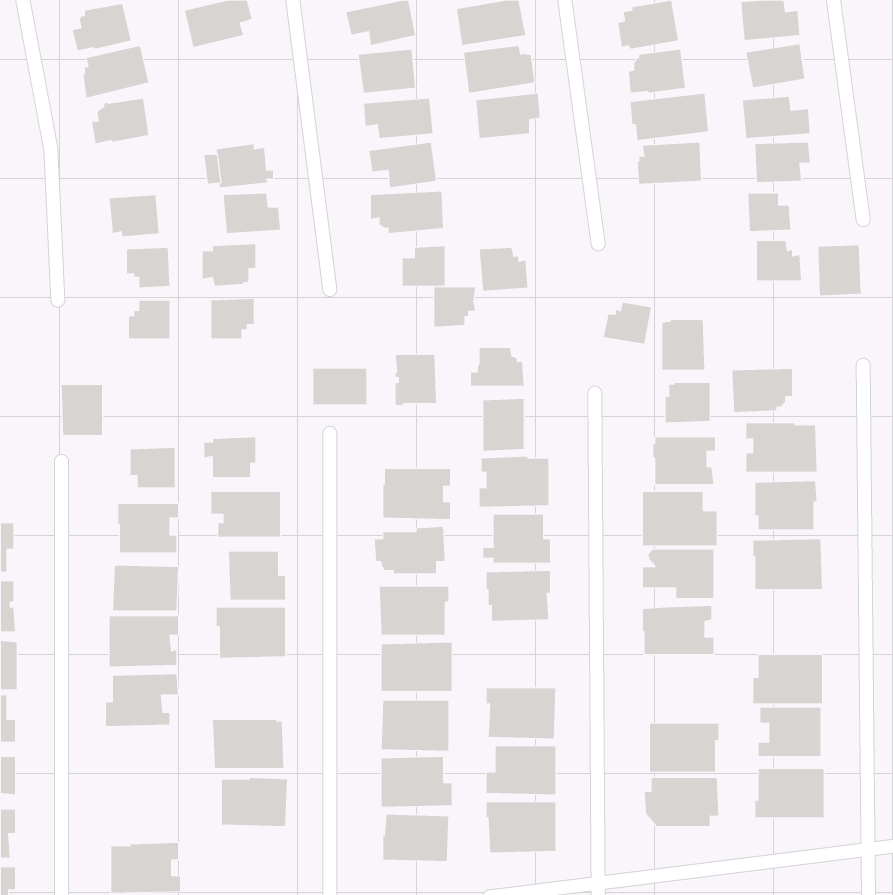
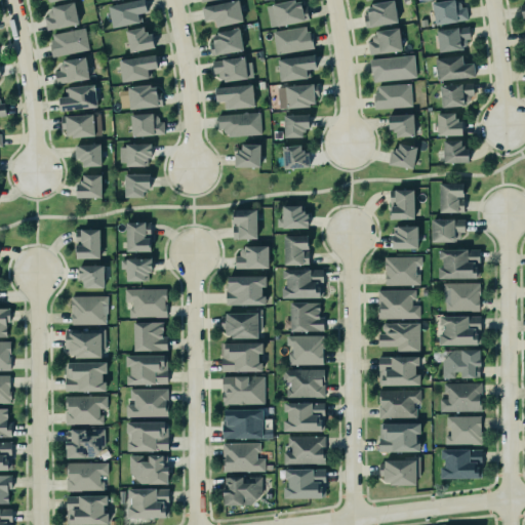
building: none -> [128,28,157,53]
building: none -> [122,56,160,82]
building: none -> [278,84,319,110]
building: none -> [58,86,97,113]
building: none -> [390,116,415,138]
building: [818,245,861,296] -> [441,184,467,213]
building: [434,287,476,327] -> [285,116,310,139]
building: [603,302,652,344] -> [389,146,417,170]
building: [313,368,367,405] -> [239,247,271,269]
building: none -> [126,220,151,250]
building: [61,384,103,435] -> [75,228,99,257]
building: none -> [442,350,479,377]
building: none -> [282,368,324,398]
building: none -> [125,386,169,416]
building: none -> [377,388,422,418]
building: none -> [65,428,105,457]
building: none -> [66,461,108,490]
building: none -> [130,489,171,519]

